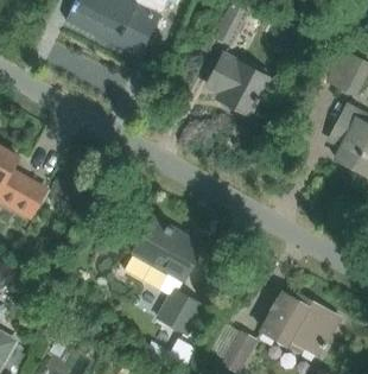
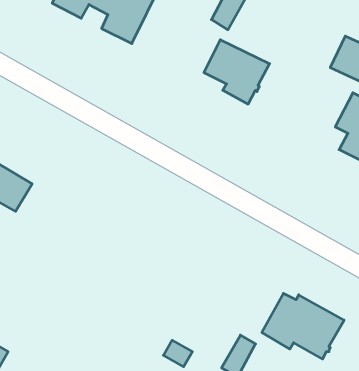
building: [123,218,204,336] -> none

